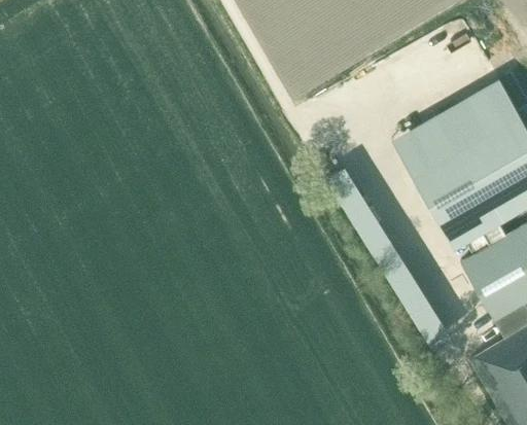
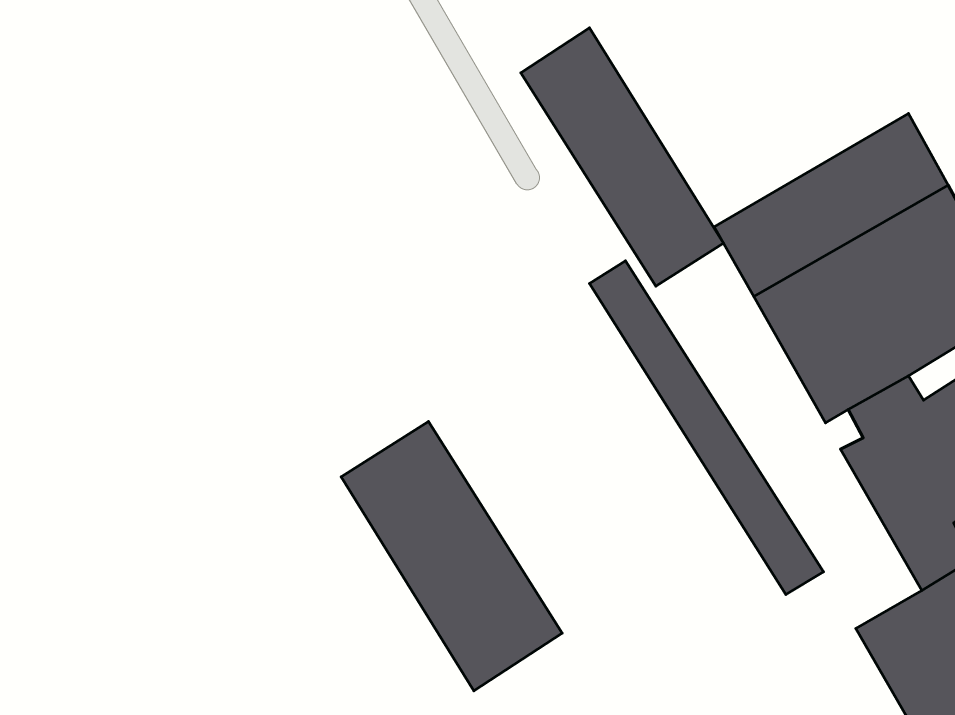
building: none -> [521,28,723,286]
building: none -> [341,421,562,691]

